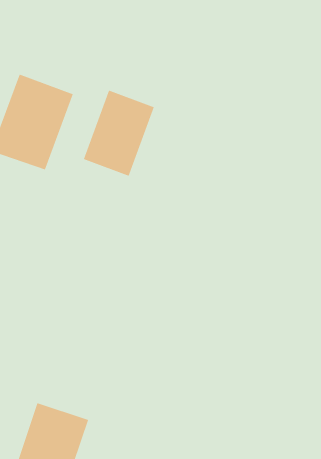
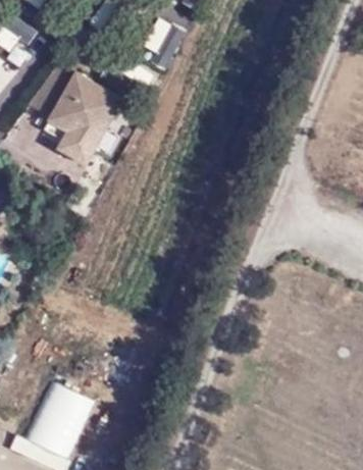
building: [83,90,155,177] -> none

